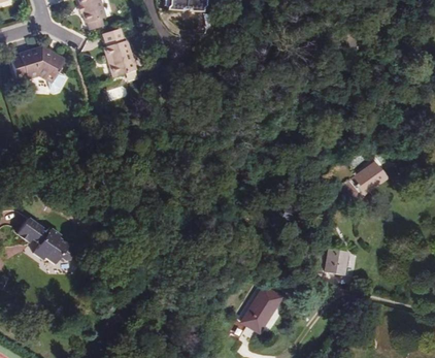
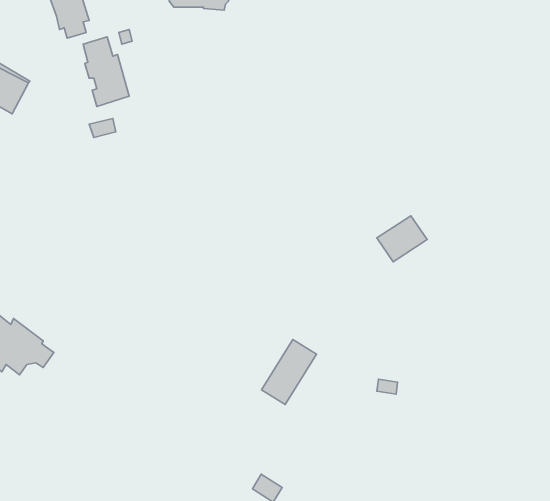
building: [348,161,383,193] -> [377,216,427,262]
building: [324,250,345,275] -> none
building: [239,288,277,333] -> [262,339,316,405]

